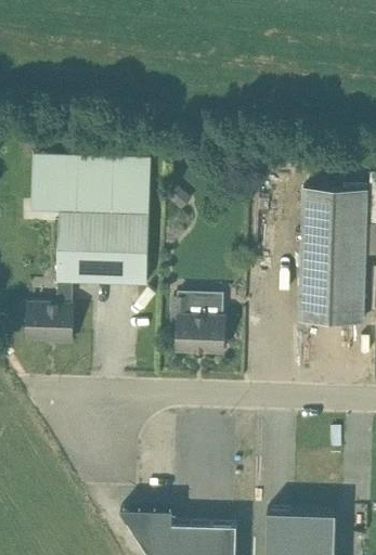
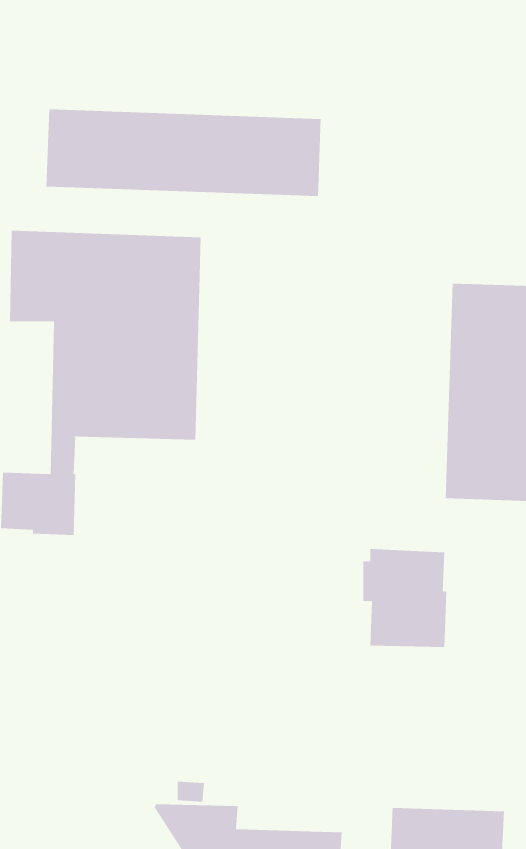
building: none -> [46,109,321,197]
building: [172,291,224,351] -> [362,549,447,647]

